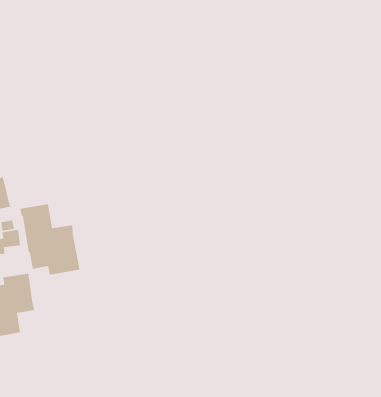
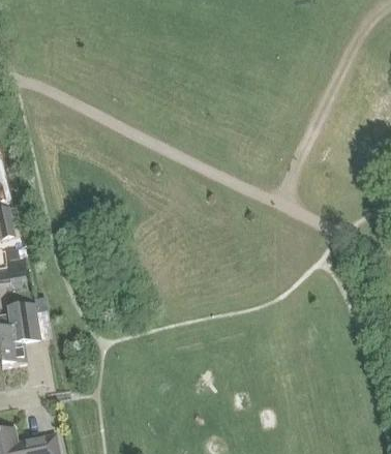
building: [20,204,80,276] -> none

